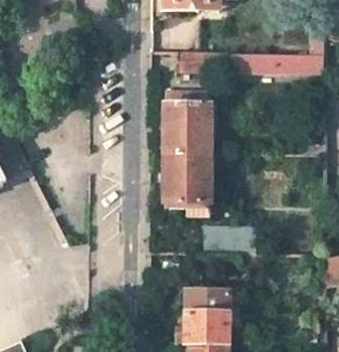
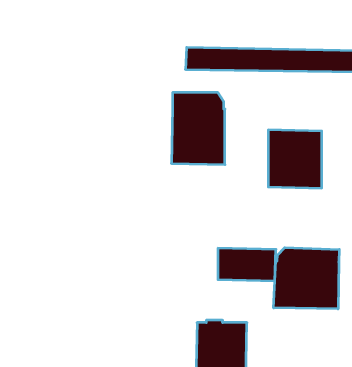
building: [165,152,211,202] -> [268,130,322,188]
building: none -> [274,248,339,309]

